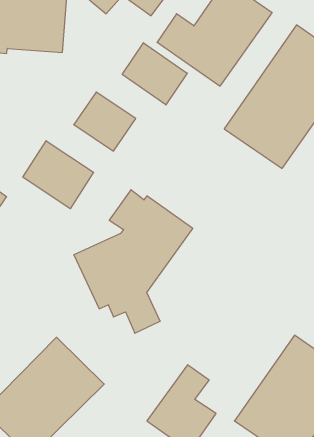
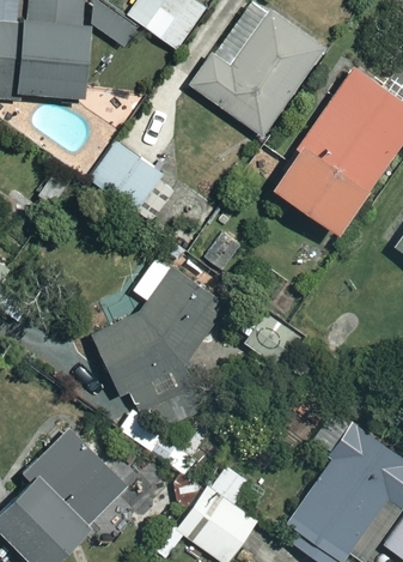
building: [122,43,187,105] -> none
building: [23,141,94,209] -> none

